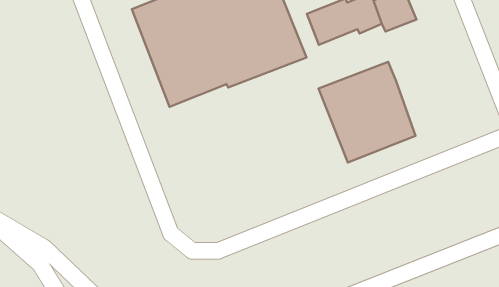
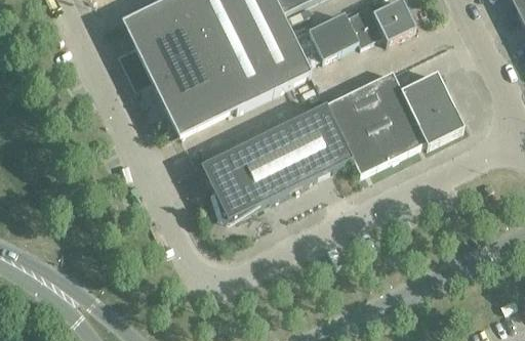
building: none -> [401,72,463,144]
building: none -> [200,103,352,223]

